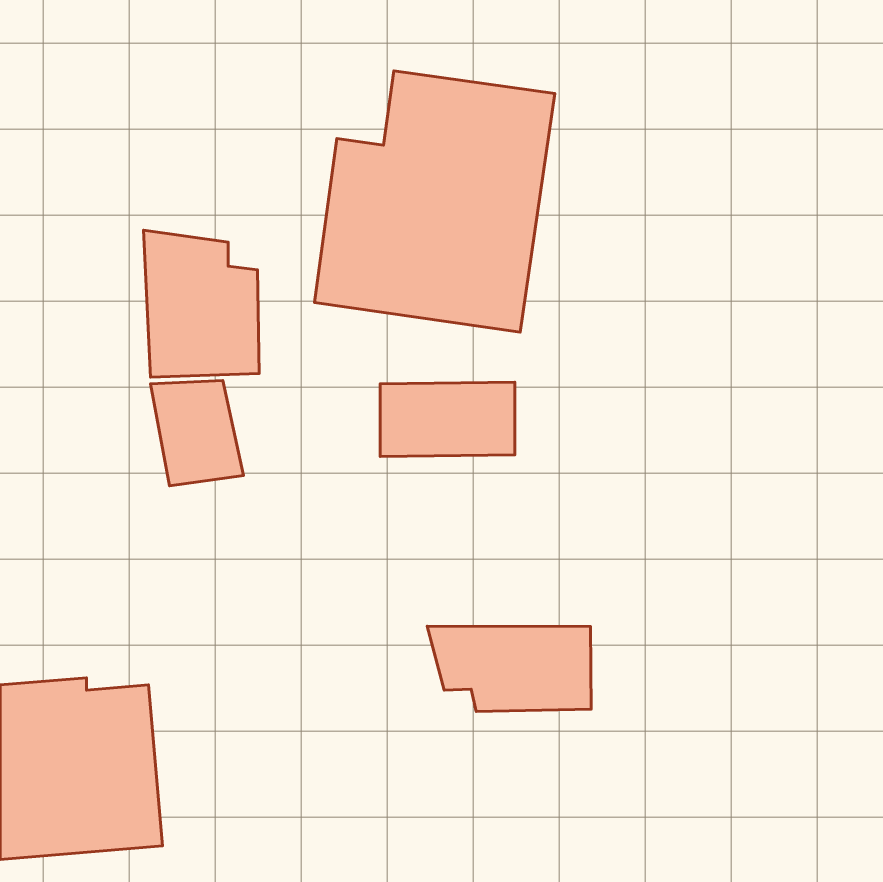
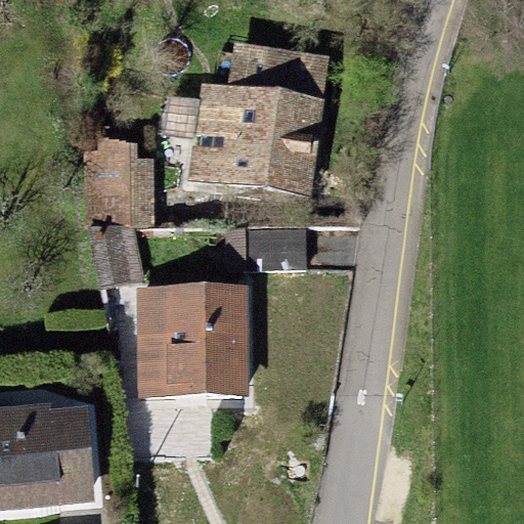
building: none -> [135,286,249,395]
building: [427,626,591,711] -> none

